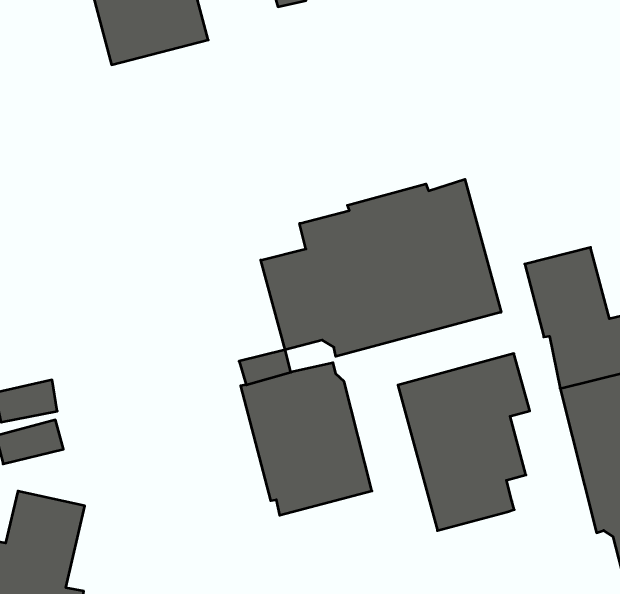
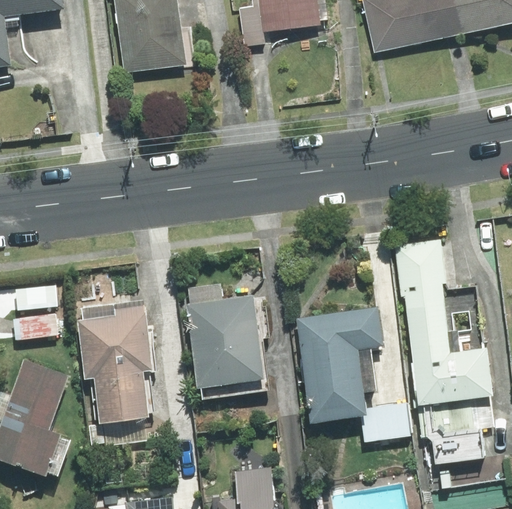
building: [261,179,501,356] -> none
building: none -> [77,301,155,423]
building: none -> [360,403,410,442]

